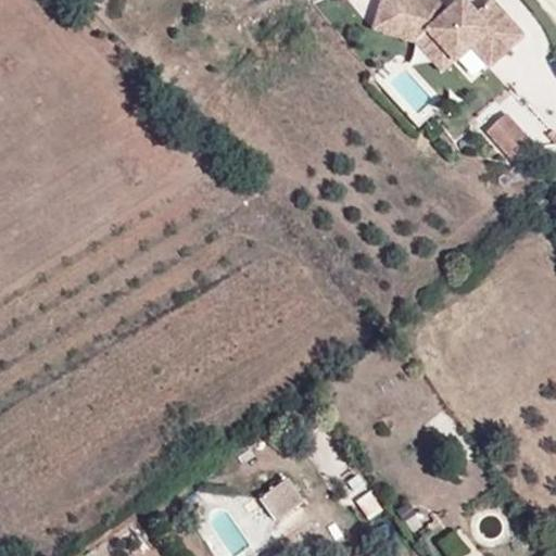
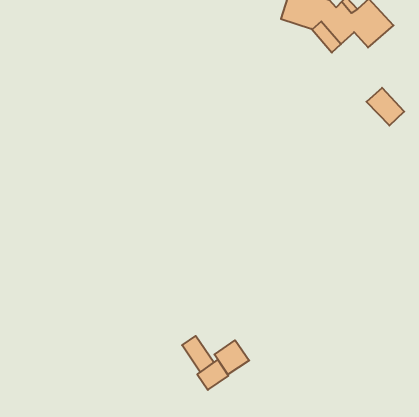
building: none -> [182,336,214,372]
building: none -> [214,340,249,374]

